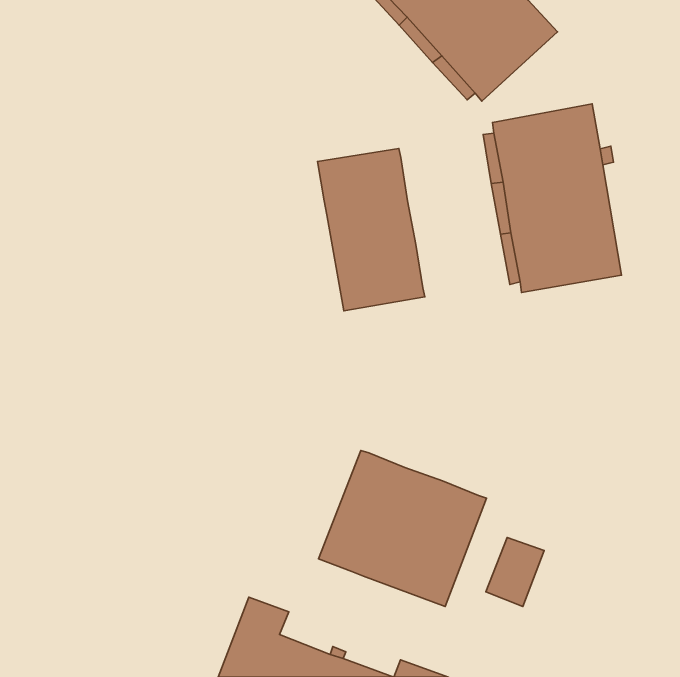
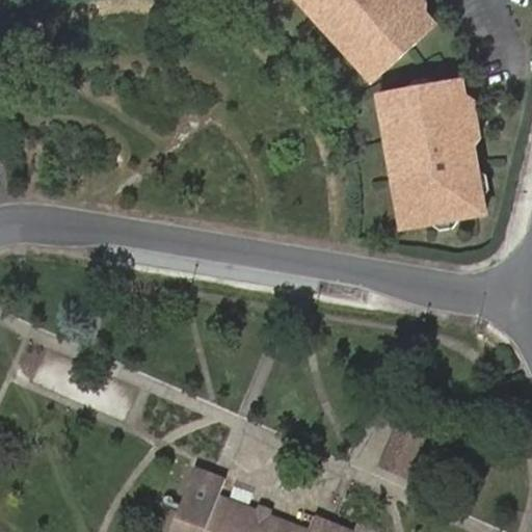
building: [318,148,425,311] -> none
building: [318,450,486,606] -> none

